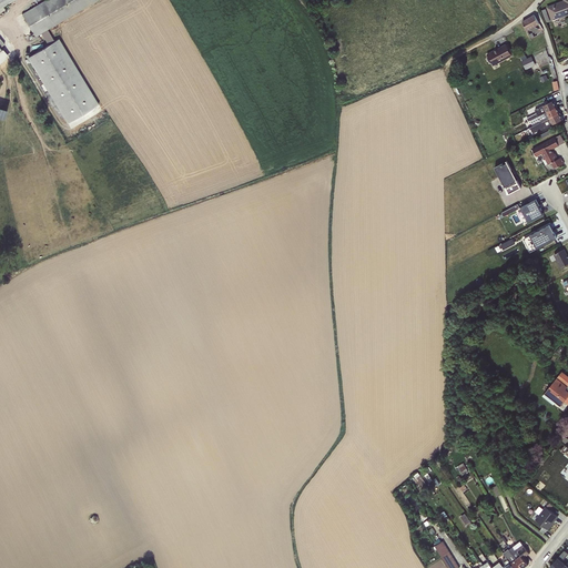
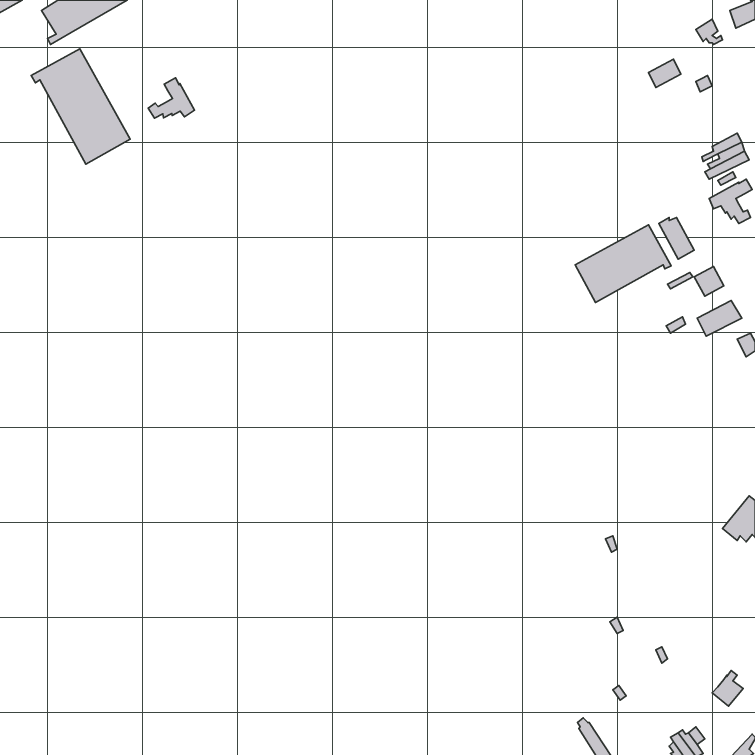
building: none -> [148,78,195,118]
building: none -> [575,225,671,303]

